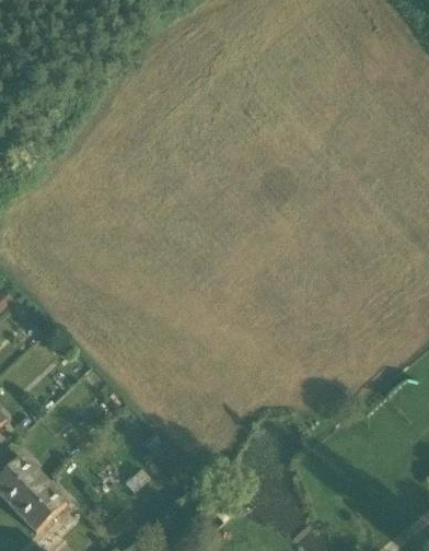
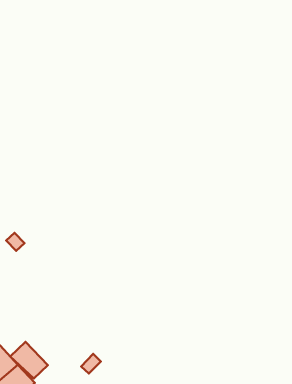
building: none -> [10,342,48,379]

